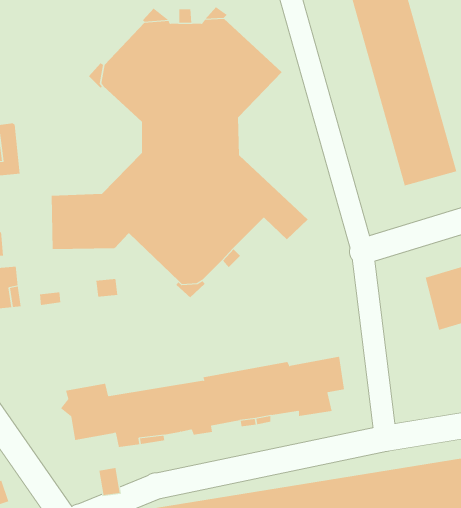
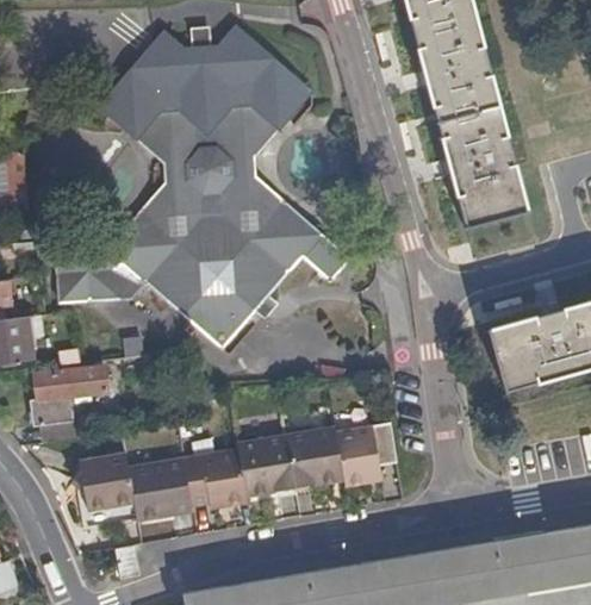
building: none -> [24,363,105,439]

